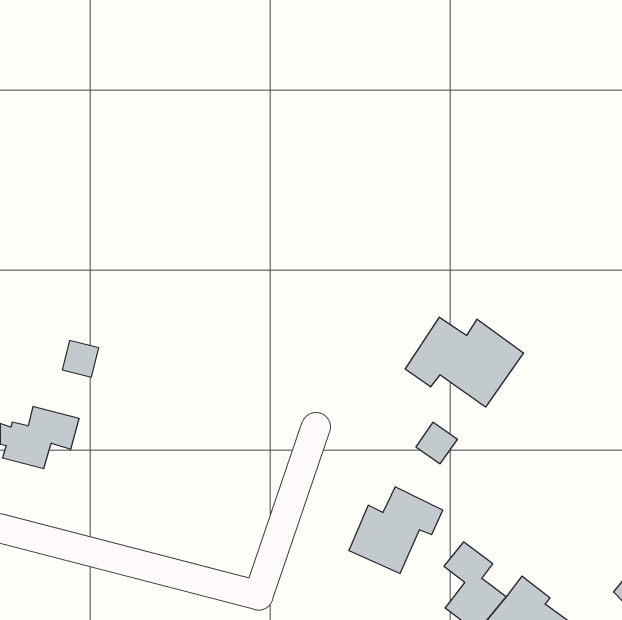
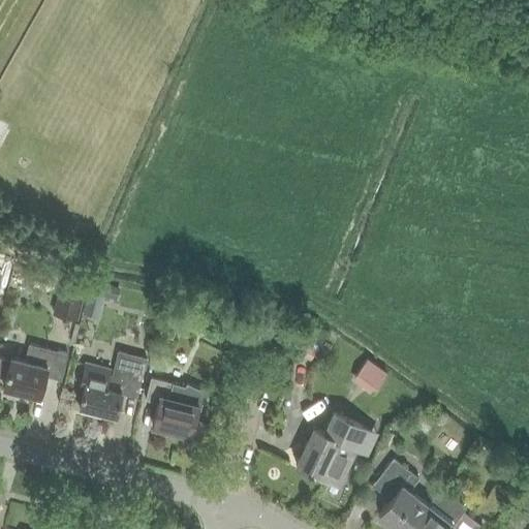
building: [405,317,523,407] -> none
building: none -> [80,352,148,418]
building: none -> [146,381,208,438]

